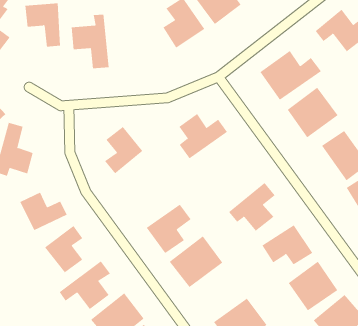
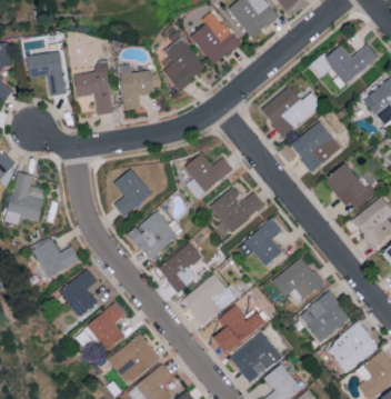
building: none -> [119,63,160,109]
building: none -> [209,188,264,236]
building: none -> [128,210,178,259]
building: none -> [212,305,267,355]

